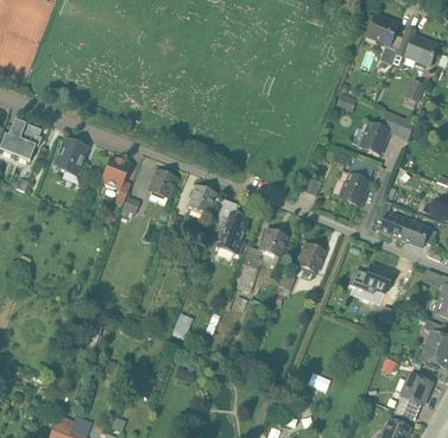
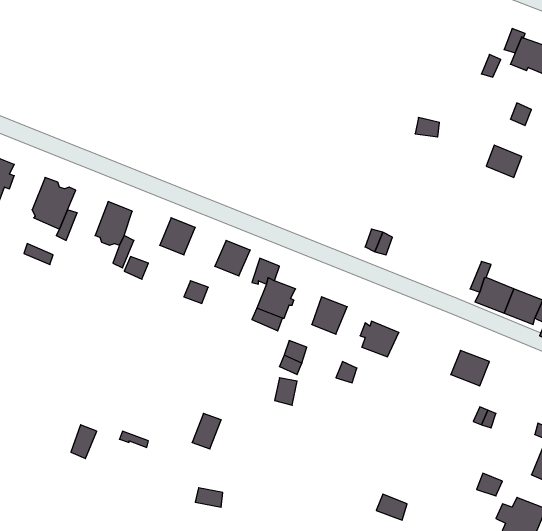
building: [366,14,400,45] -> none
building: [359,121,389,153] -> none
building: [339,172,368,204] -> none

